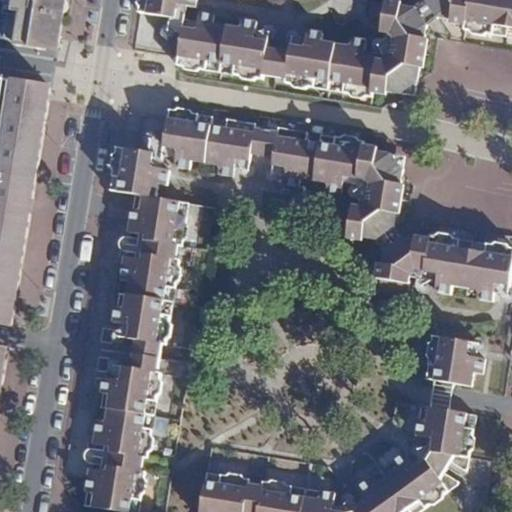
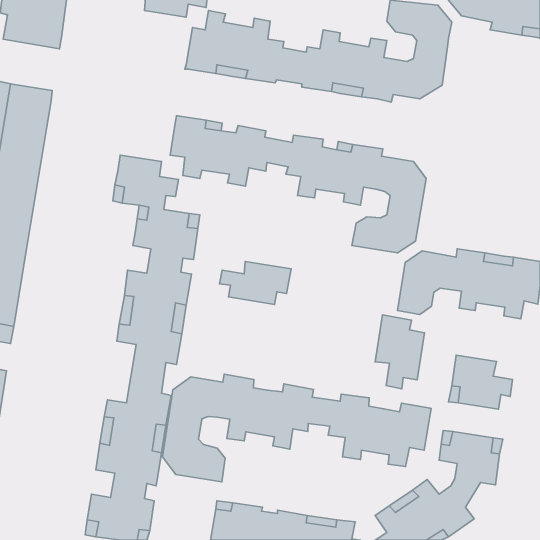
building: none -> [219,261,291,304]
building: none -> [375,315,425,389]
building: none -> [163,374,431,482]

